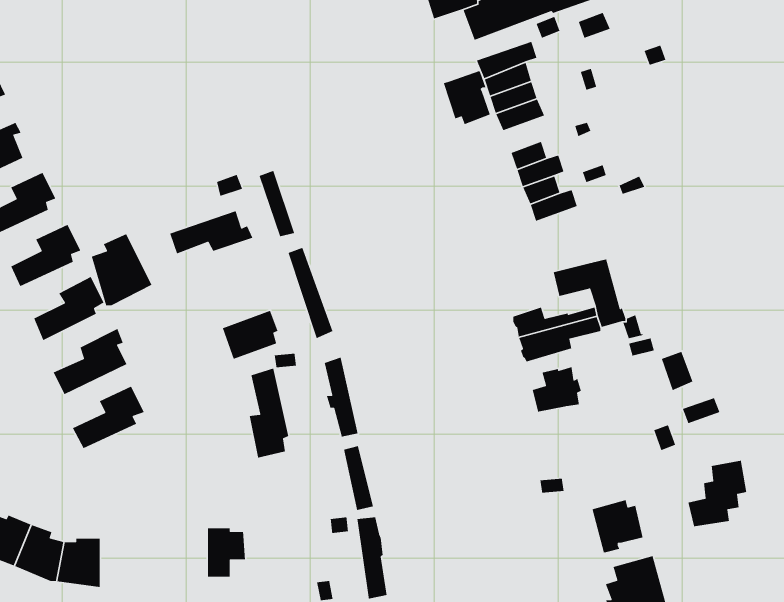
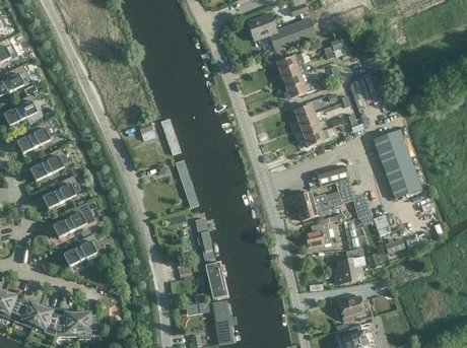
building: [443,70,491,125] -> none
building: none -> [373,129,421,198]
building: [169,210,254,254] -> none
building: [91,233,152,306] -> none
building: [222,310,279,360] -> none
building: [249,367,289,458] -> none
building: [688,460,747,527] -> [334,248,365,283]
building: [207,527,246,577] -> [78,312,98,339]

